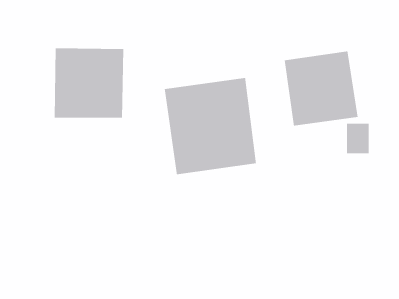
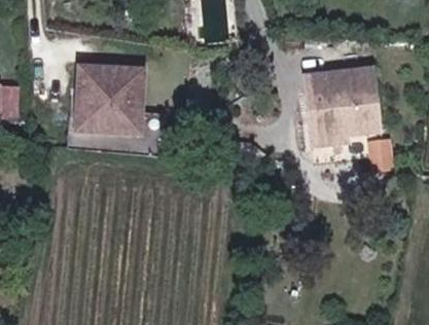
building: [164,77,256,175] -> none

